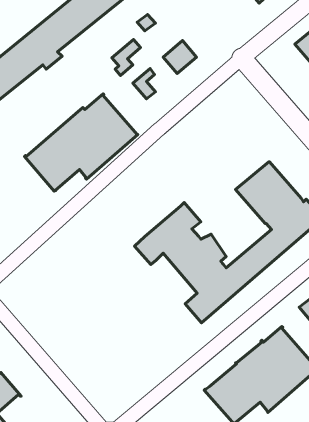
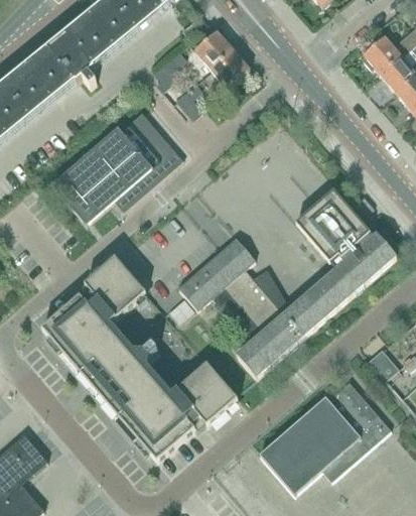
building: none -> [195,30,234,69]
building: none -> [45,261,235,458]

